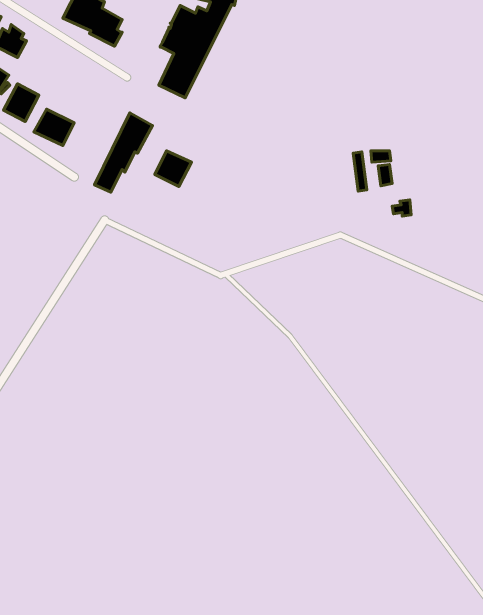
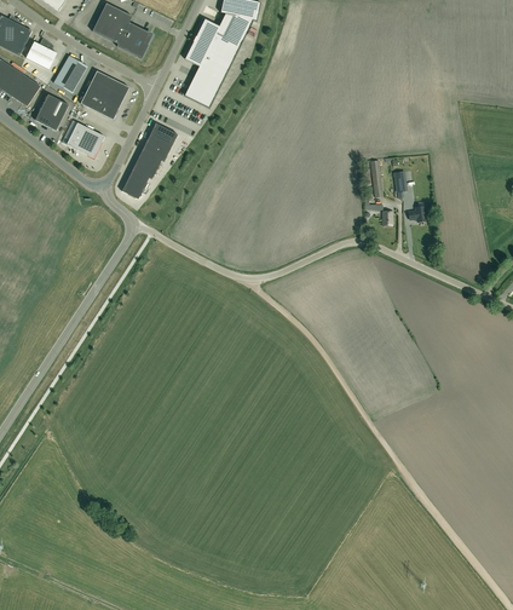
building: none -> [53,56,88,93]
building: none -> [81,70,129,119]
building: [155,151,192,186] -> none

